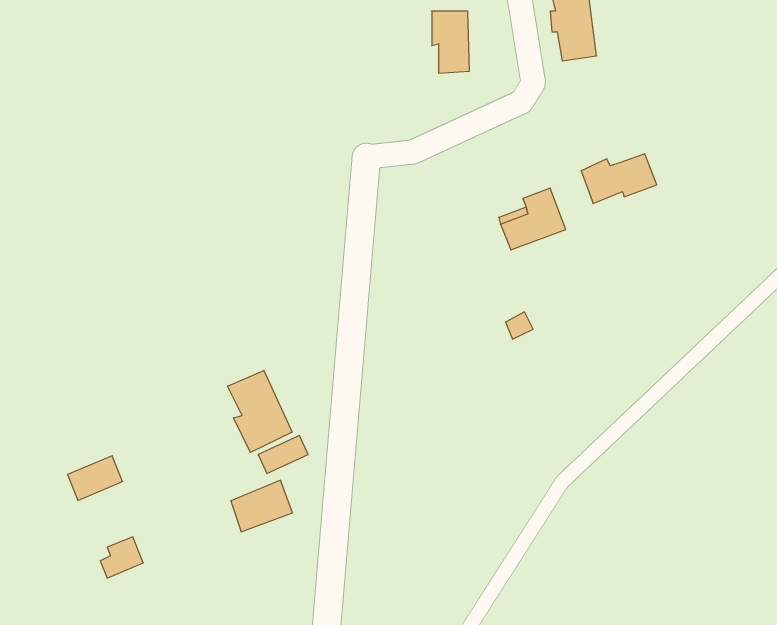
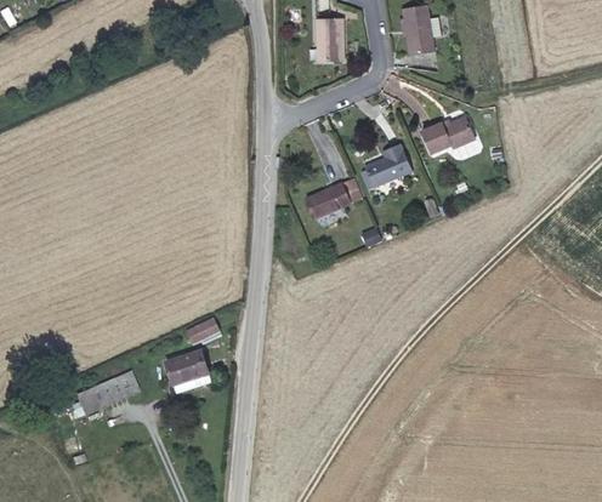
building: none -> [302,183,346,218]
building: [227,370,292,452] -> none
building: [68,456,123,500] -> [103,375,142,406]

